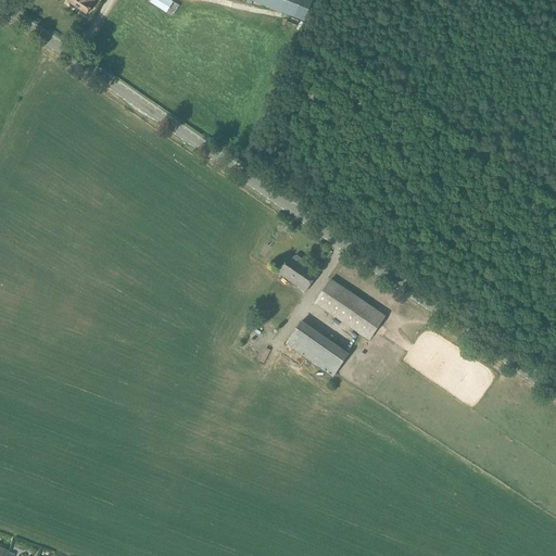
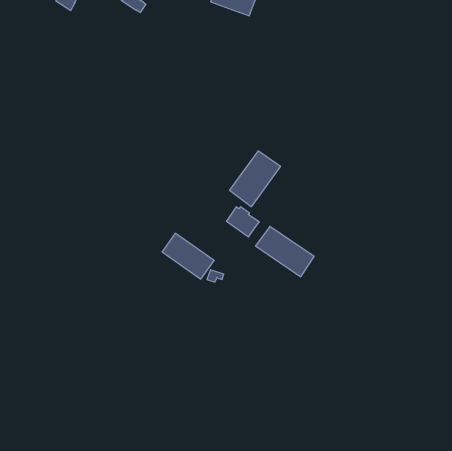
building: none -> [230,151,280,207]
building: [286,319,350,376] -> [162,233,214,279]

